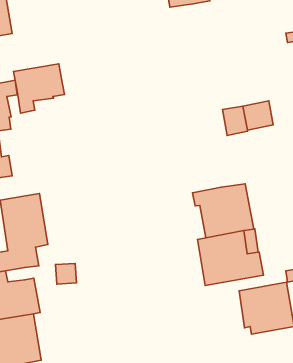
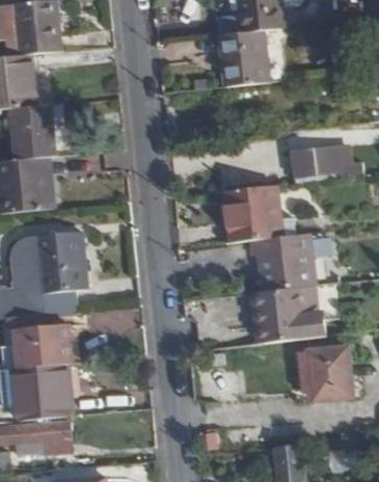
building: none -> [215,30,270,85]
building: [14,64,65,113] -> none
building: none -> [222,185,281,242]

